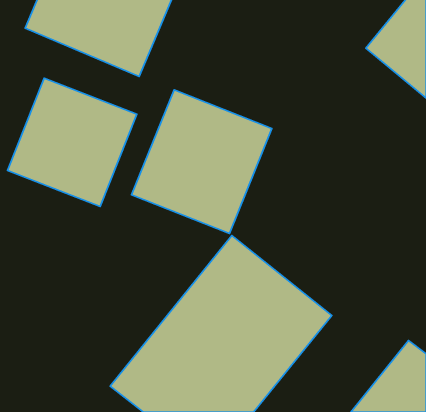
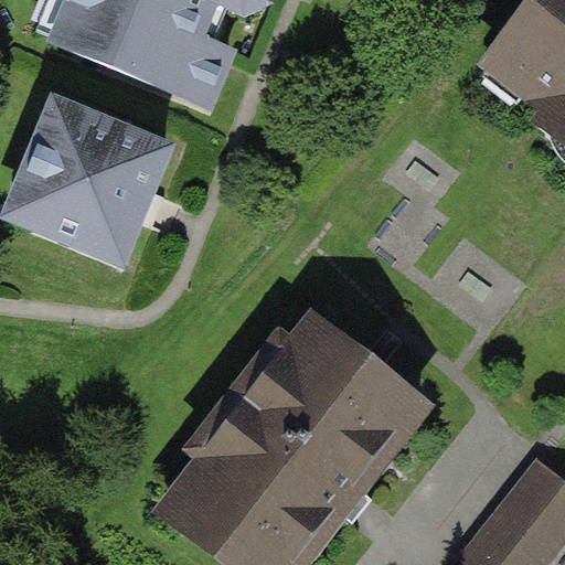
building: [131,90,272,233] -> none

